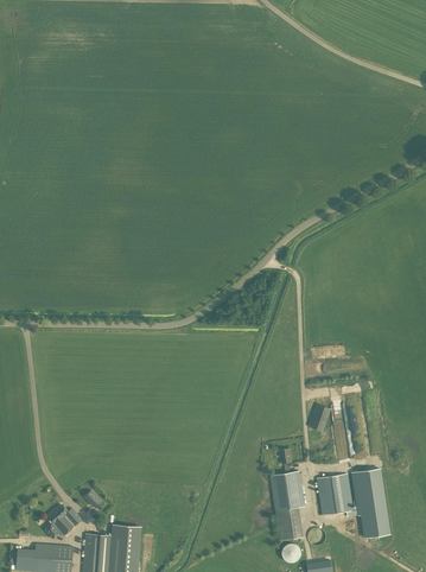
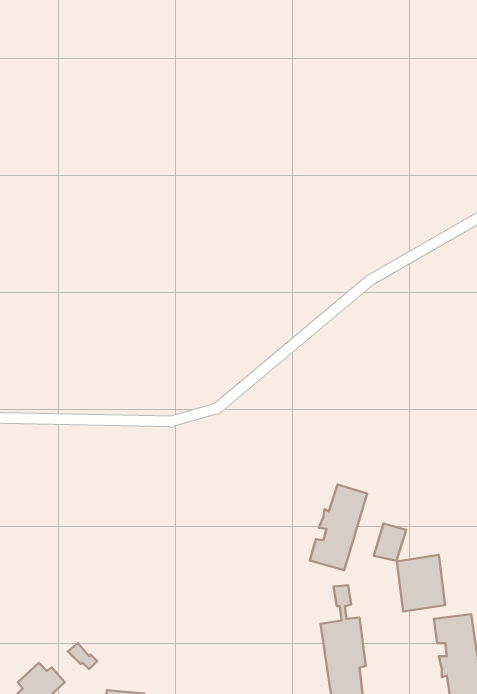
building: none -> [310,485,367,570]
building: [317,474,352,515] -> [397,555,445,612]

